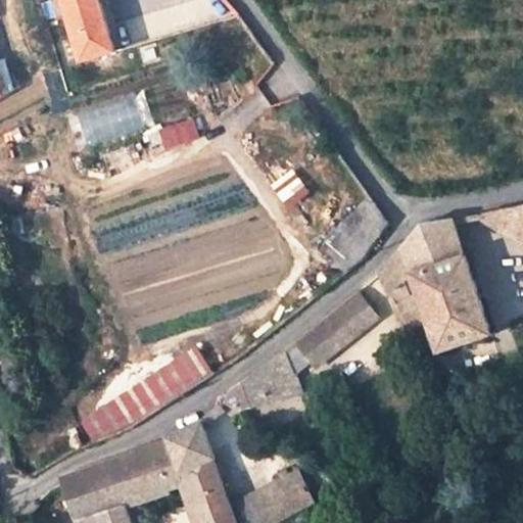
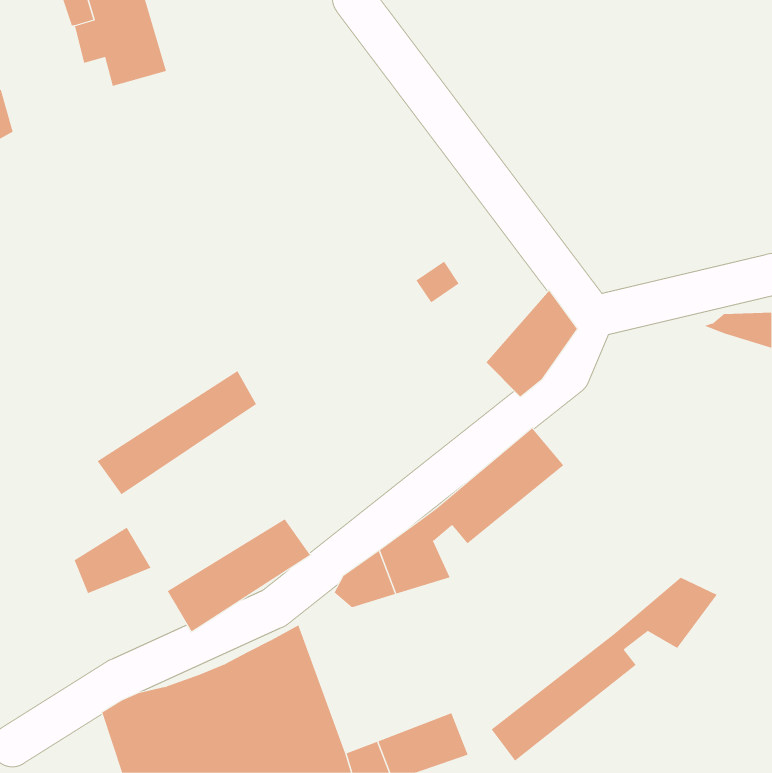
building: [376,219,491,354] -> none
building: none -> [97,370,257,495]
building: none -> [491,577,718,762]
building: [77,398,129,443] -> [74,527,151,594]

